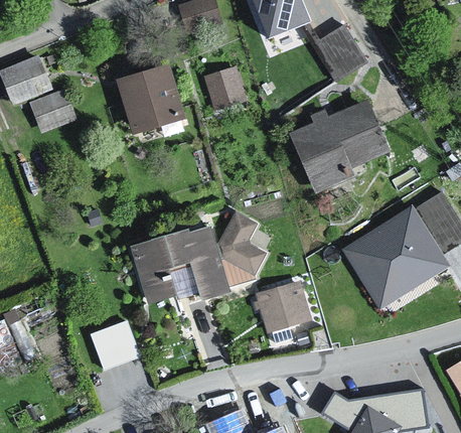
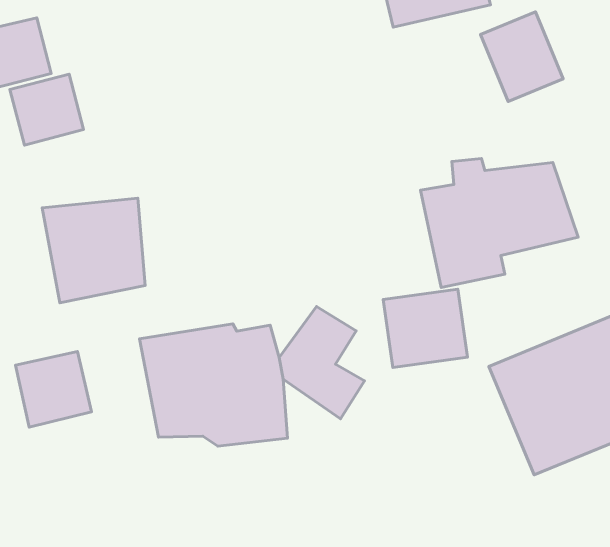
building: [204,59,248,100] -> none
building: [112,66,181,137] -> [42,198,145,303]
building: [257,285,313,338] -> [383,289,468,368]
building: [94,313,144,364] -> [16,351,92,427]

